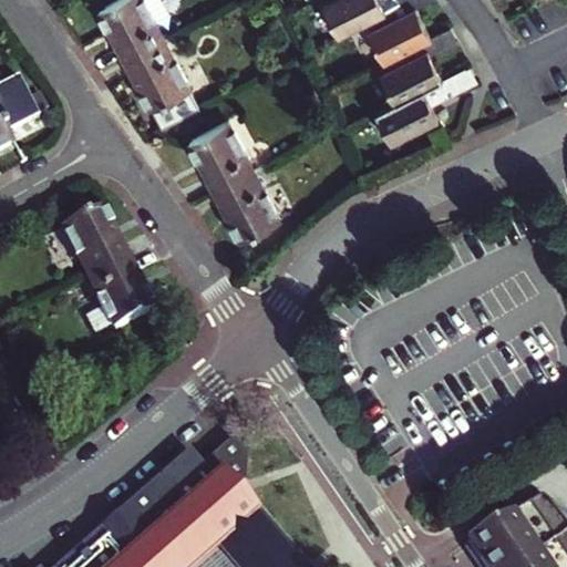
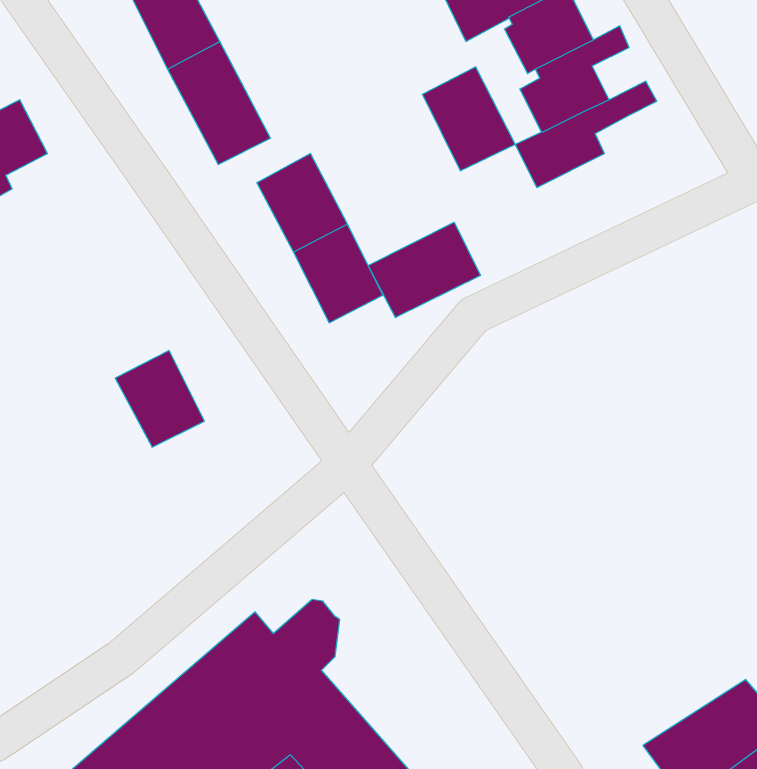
building: none -> [422,67,515,171]
building: none -> [368,222,481,318]
building: [60,213,124,282] -> none

